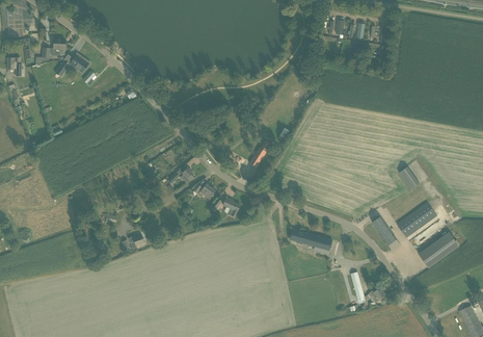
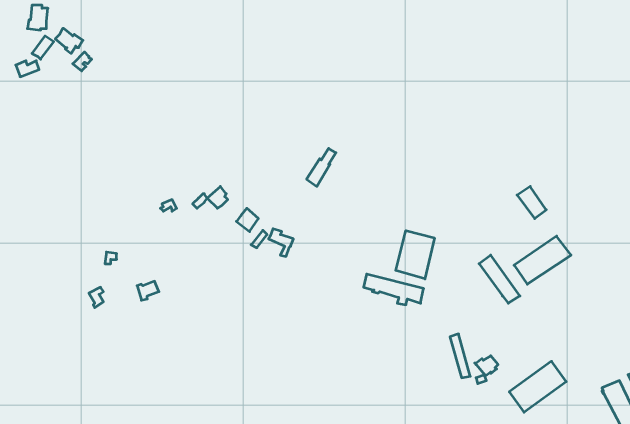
building: none -> [396,231,434,279]
building: [419,231,459,267] -> [509,361,566,412]

